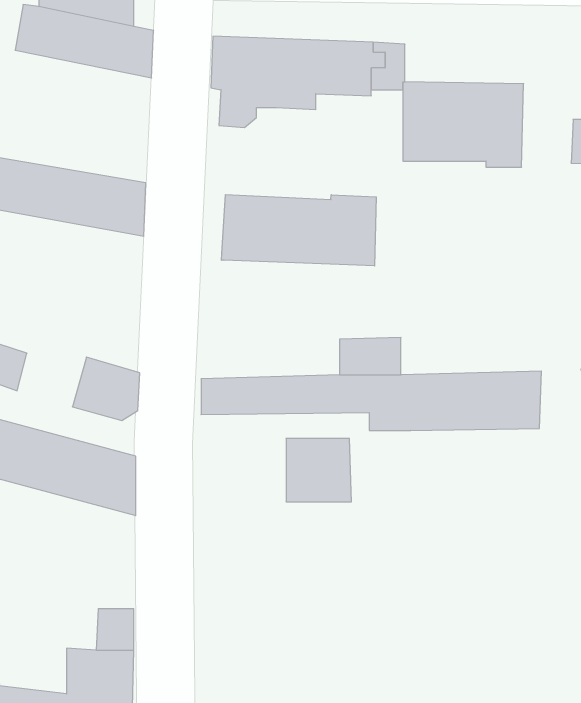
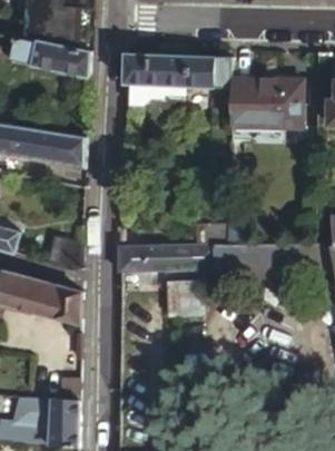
building: [221,195,376,266] -> none

